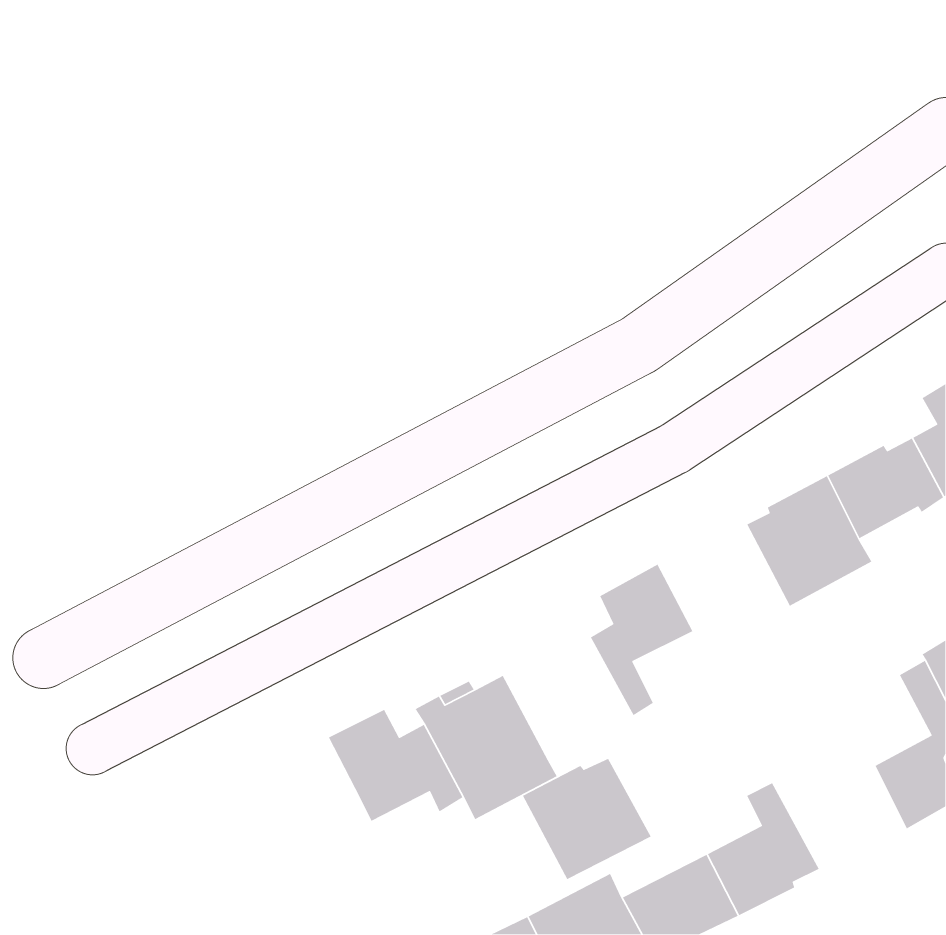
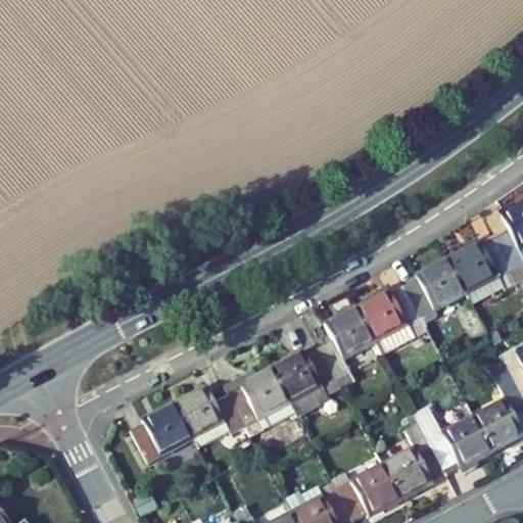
building: none -> [356,284,428,352]
building: none -> [133,399,195,457]
building: none -> [414,407,491,473]
building: [522,758,652,880] -> [273,345,343,412]

